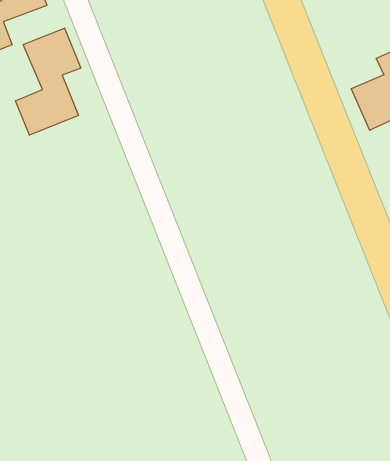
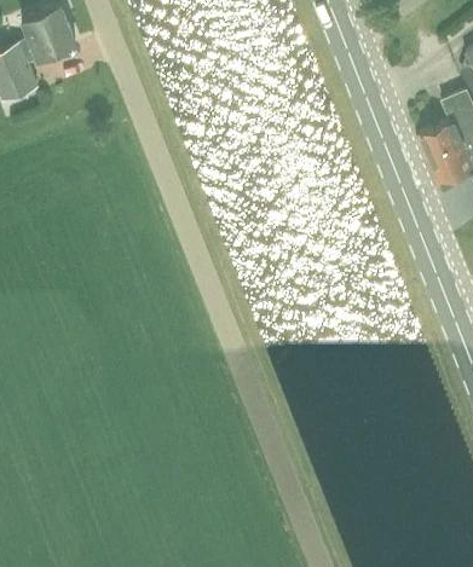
building: [16,28,81,135] -> none

